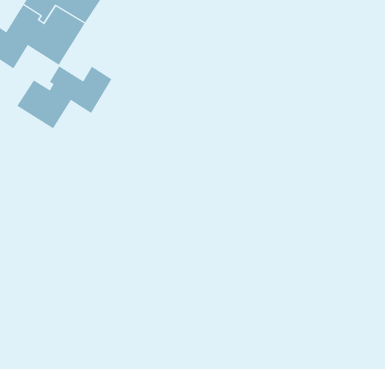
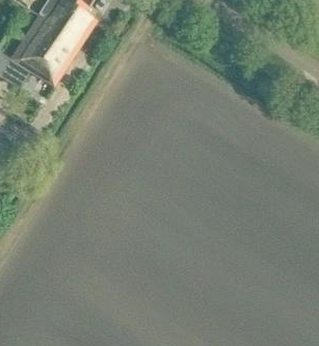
building: [17,65,112,129] -> none

